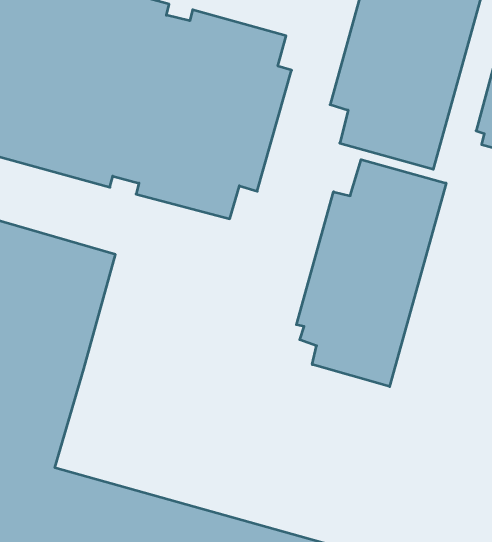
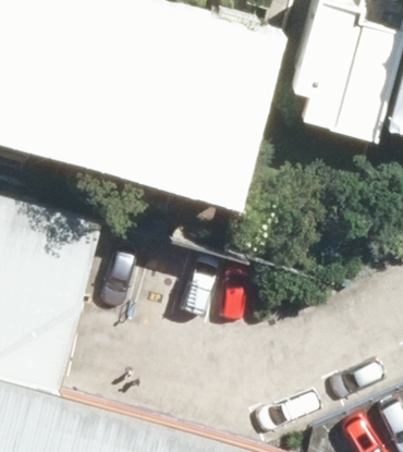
building: [296,160,446,387] -> none

